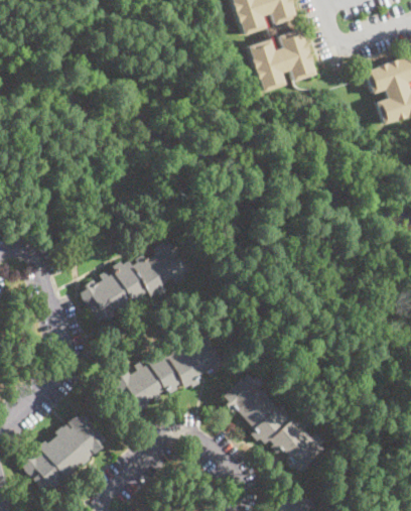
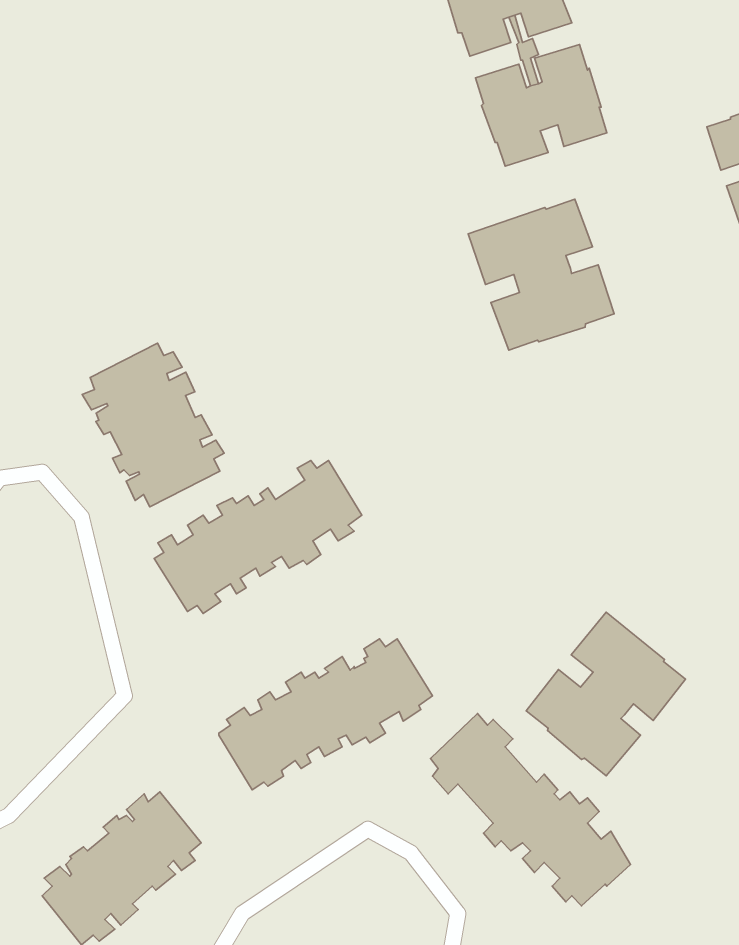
building: none -> [468,199,614,350]
building: none -> [82,343,224,507]
building: none -> [526,612,685,776]

